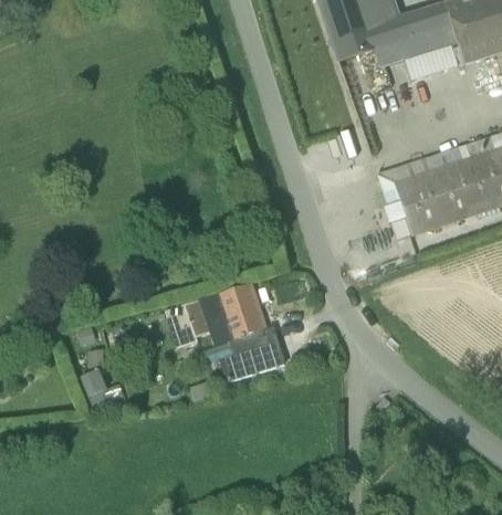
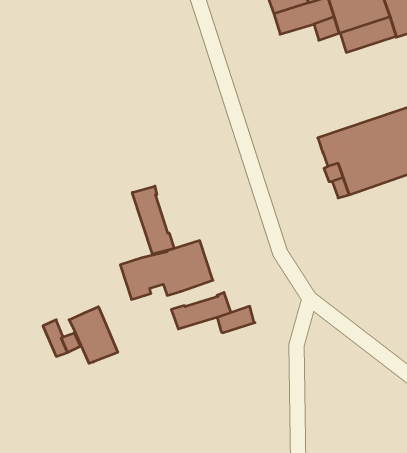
building: none -> [132,186,174,254]
building: [234,326,275,355] -> [217,306,255,333]
building: none -> [69,307,118,363]

